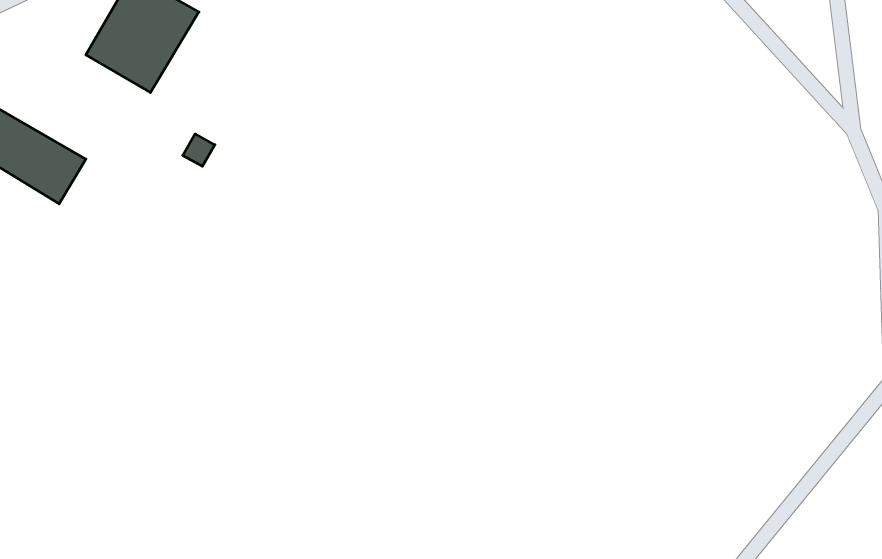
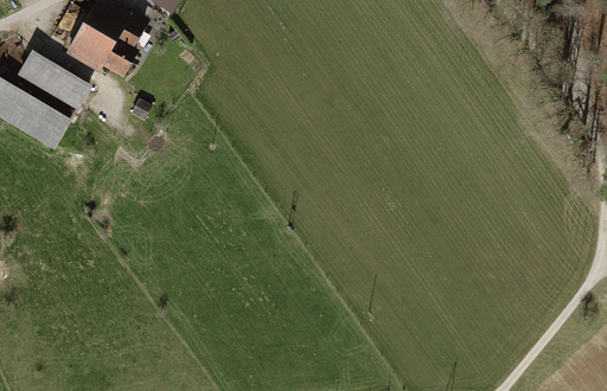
building: none -> [20,52,91,108]

